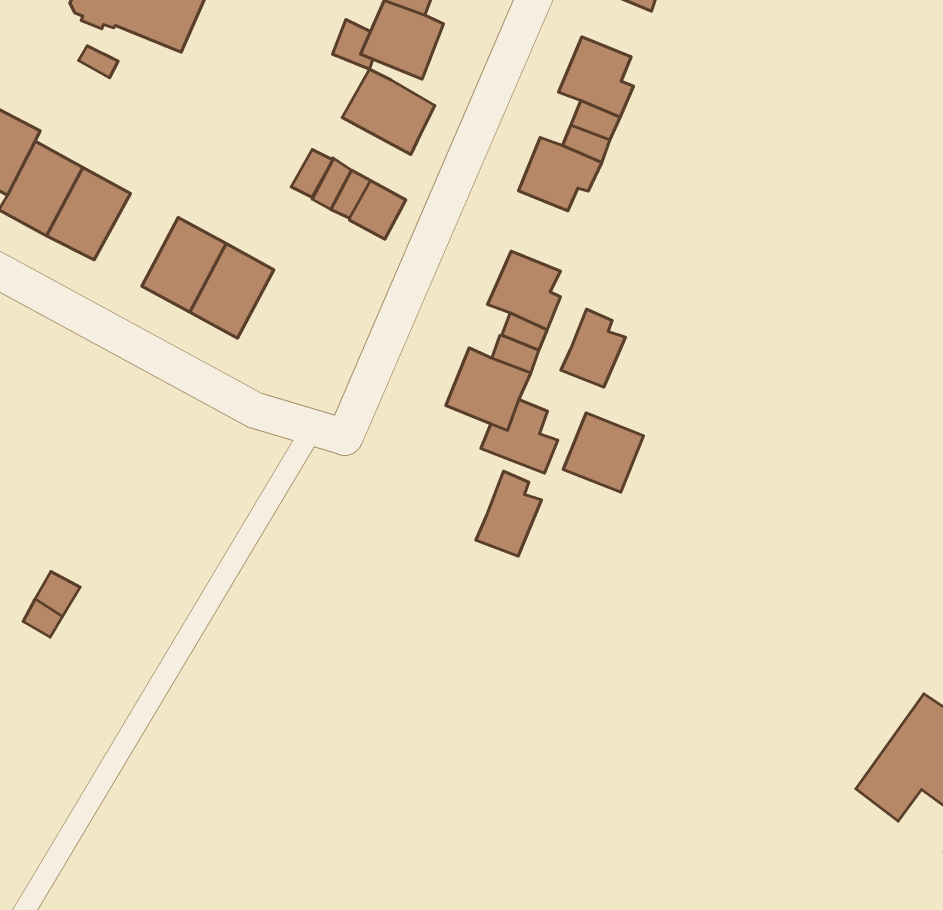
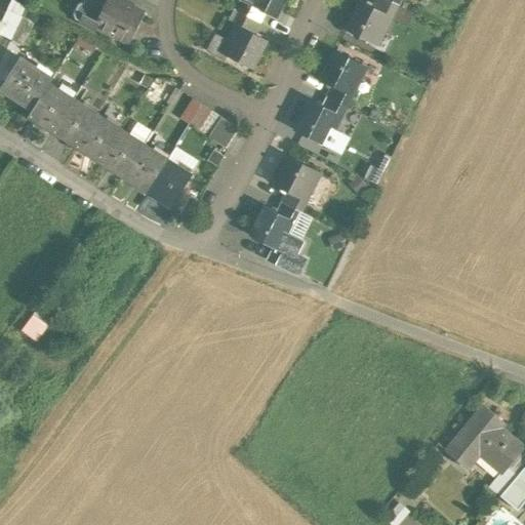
building: [342,69,435,154] -> none
building: none -> [76,114,121,162]
building: none -> [147,159,191,207]
building: [561,309,626,387] -> none
building: [563,413,644,492] -> none
building: [476,471,542,556] -> none

